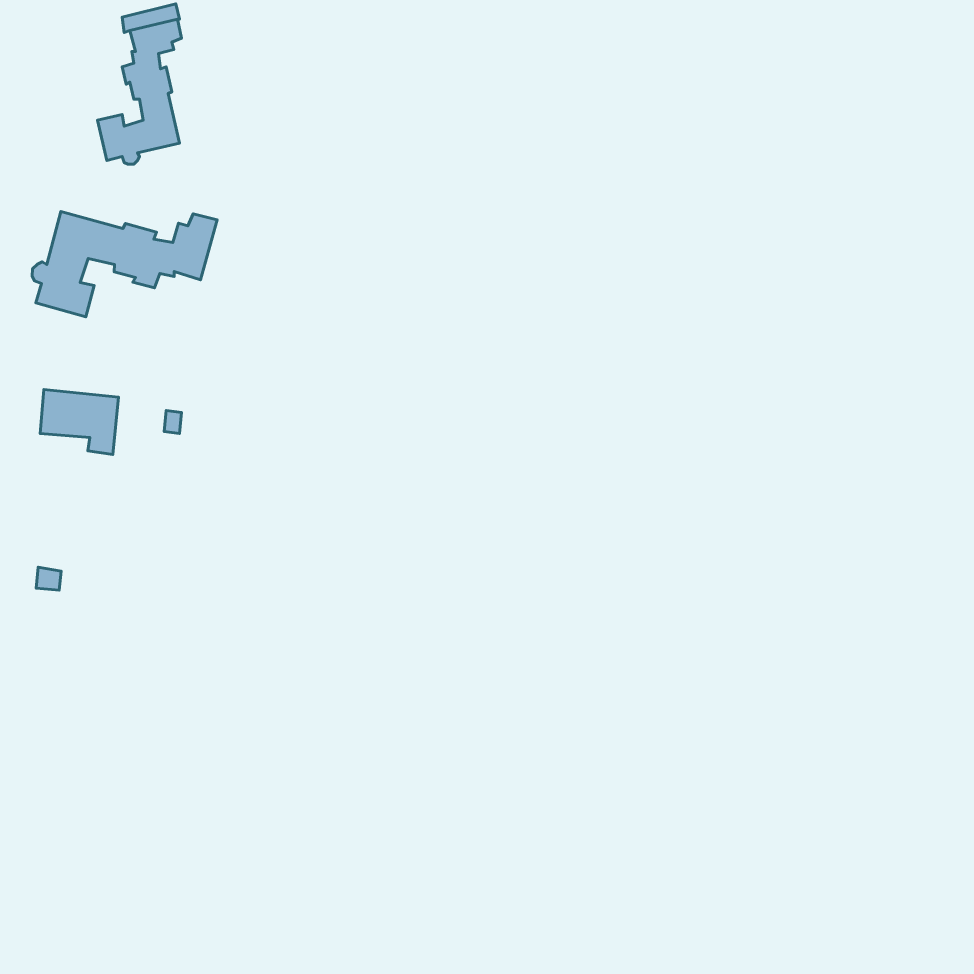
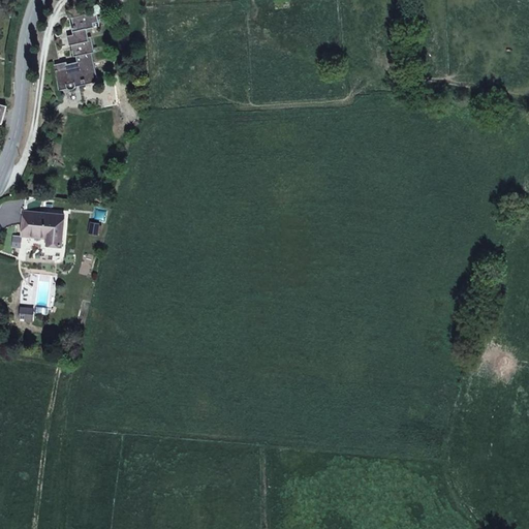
building: [32,212,217,317] -> none

